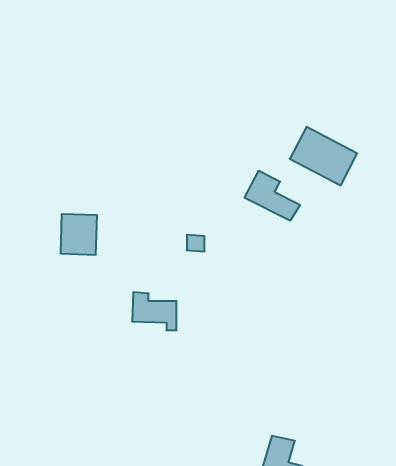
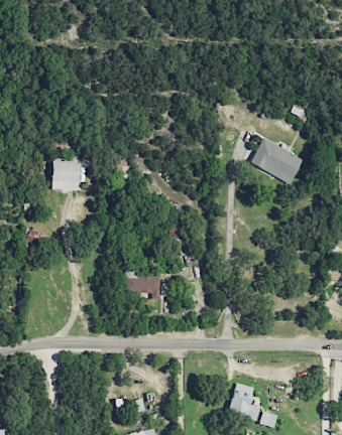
building: [245,171,300,221] -> none
building: [60,214,97,255] -> [52,158,82,190]

